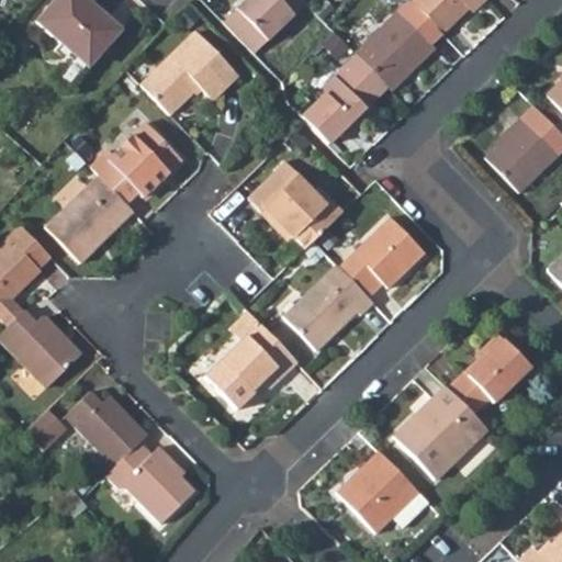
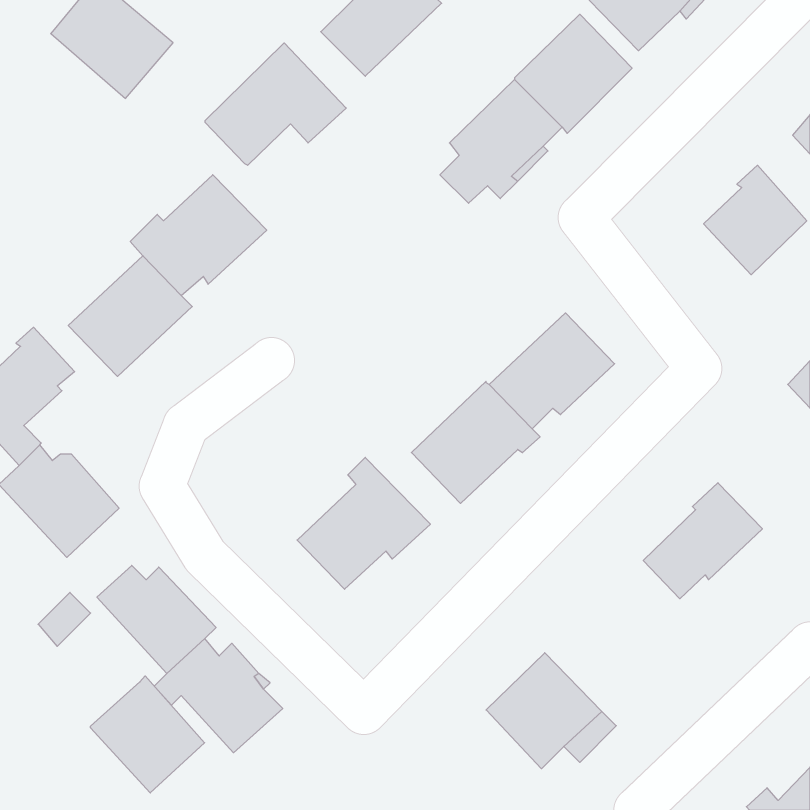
building: [250,159,345,248] -> none
building: [394,384,486,477] -> none
building: none -> [91,676,205,793]

